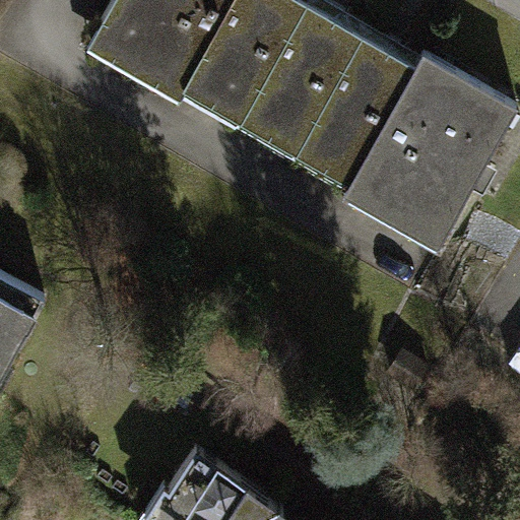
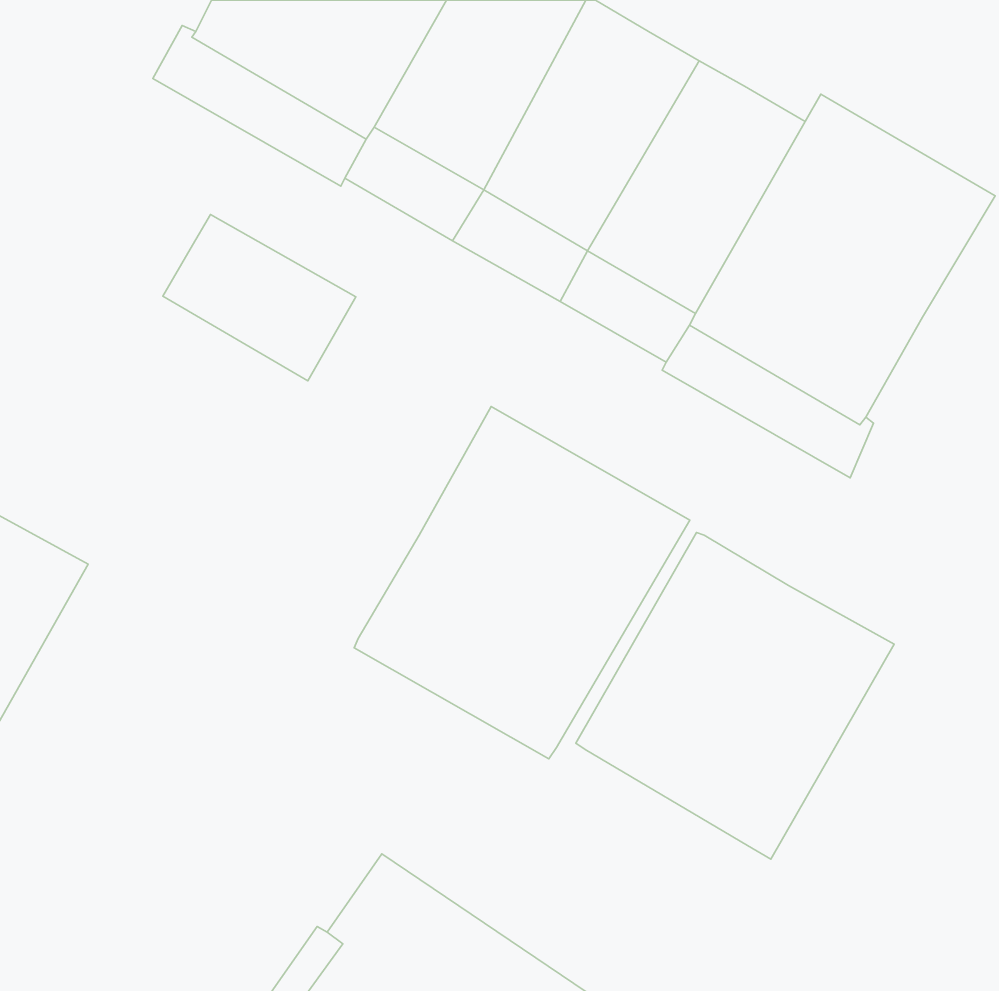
building: none -> [163,214,356,381]
building: none -> [354,406,690,759]
building: none -> [576,532,894,859]

